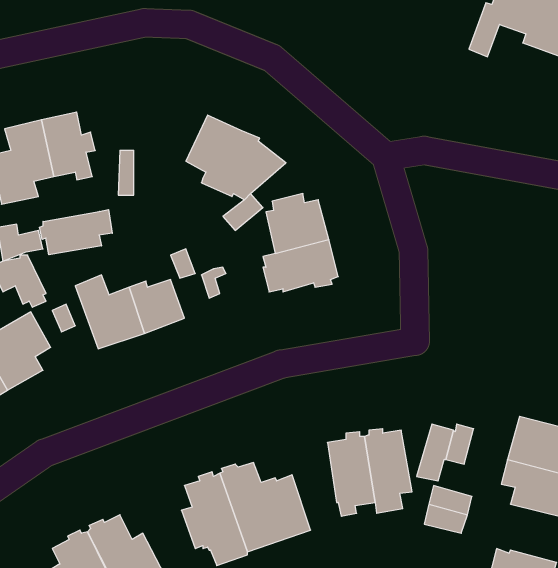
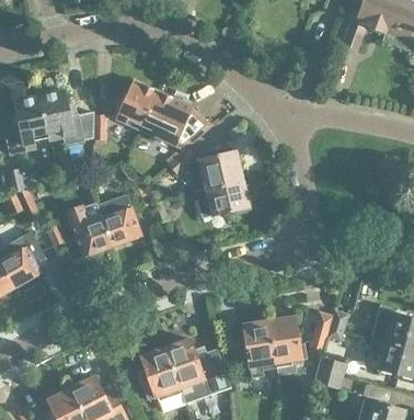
building: none -> [112,81,158,125]
building: [39,210,112,255] -> none

